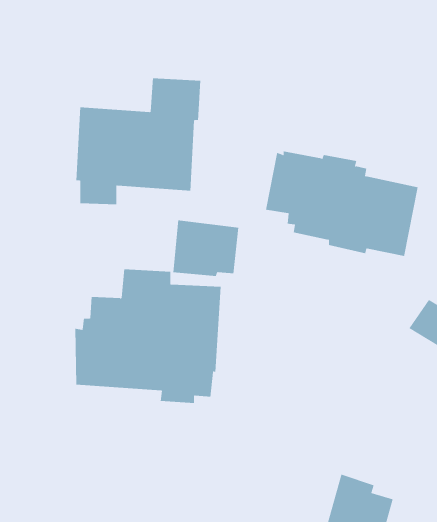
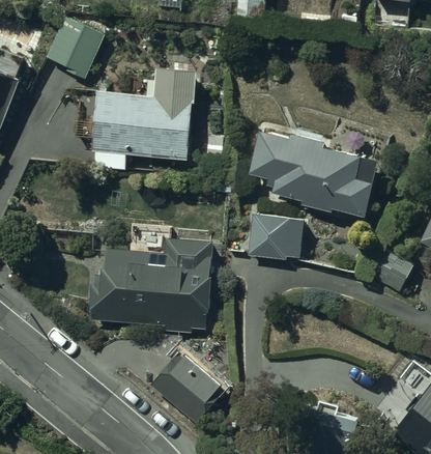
building: none -> [47,18,105,75]
building: [173,220,239,276] -> [249,212,304,259]
building: none -> [148,347,227,425]

